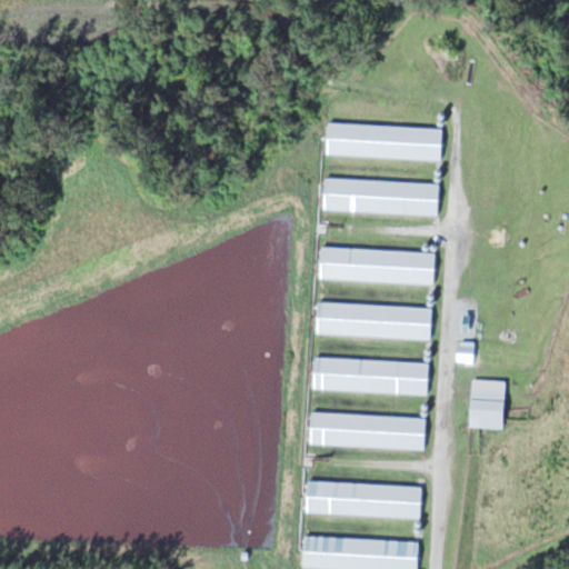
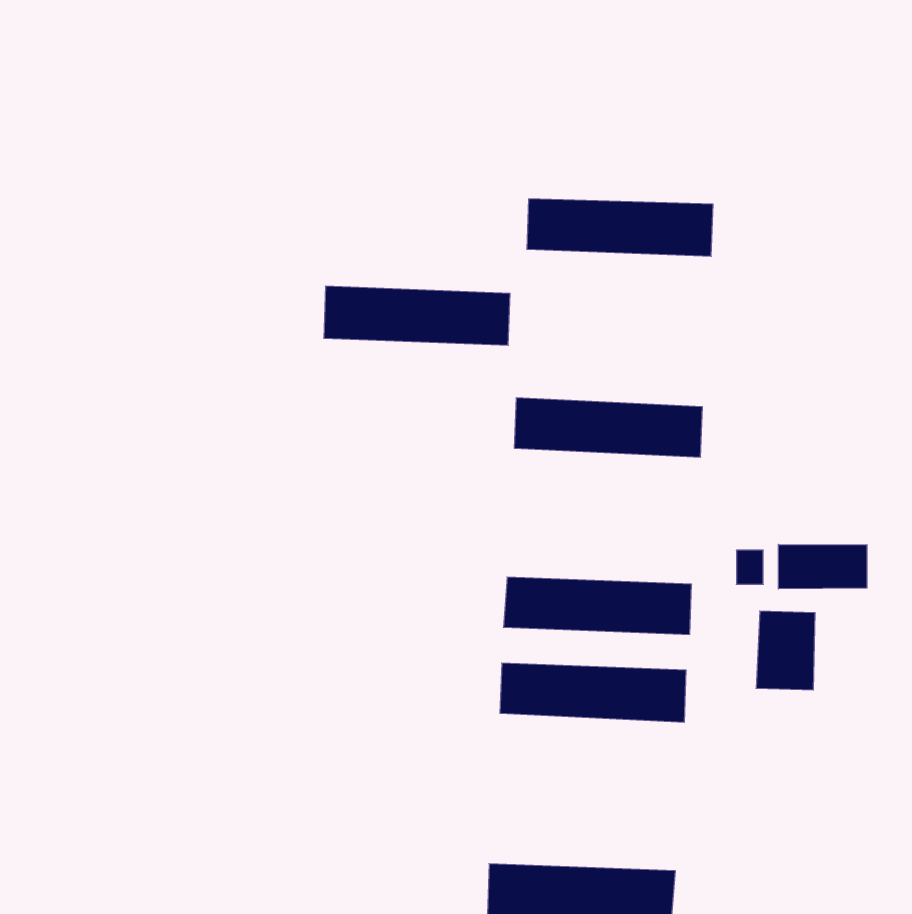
building: [323,179,439,216] -> [324,286,510,345]
building: [316,303,432,340] -> none
building: none -> [778,544,867,589]
building: [306,481,422,518] -> none

